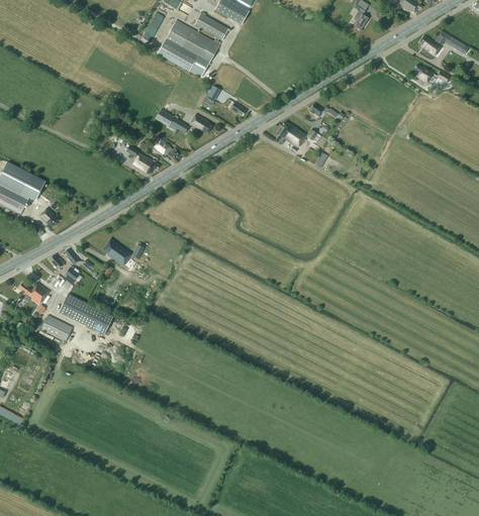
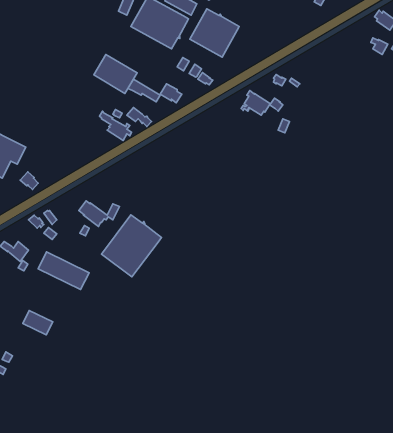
building: none -> [190,9,239,57]
building: none -> [94,54,137,94]
building: none -> [101,215,161,277]
building: [40,315,73,341] -> [23,310,53,335]

